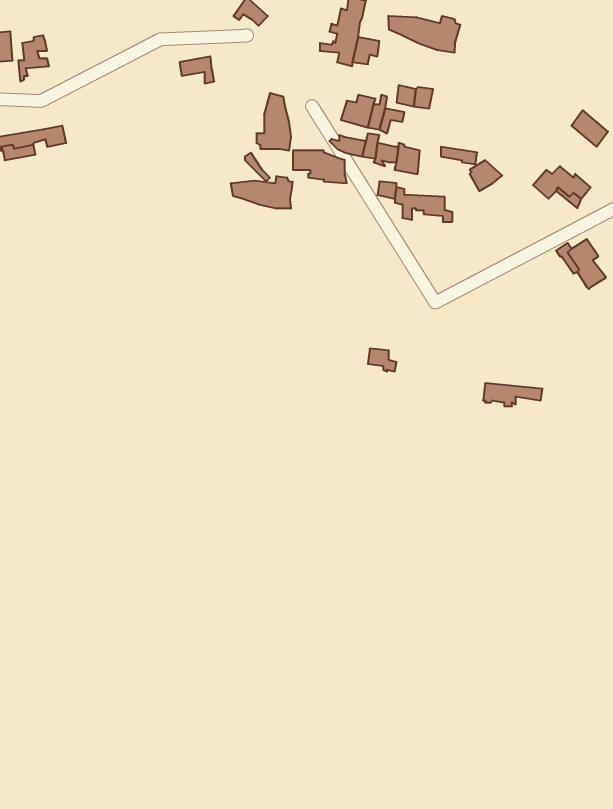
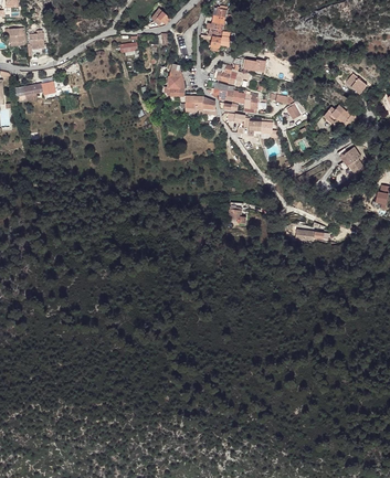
building: [388,16,460,53] -> none
building: [231,176,293,209] -> none

